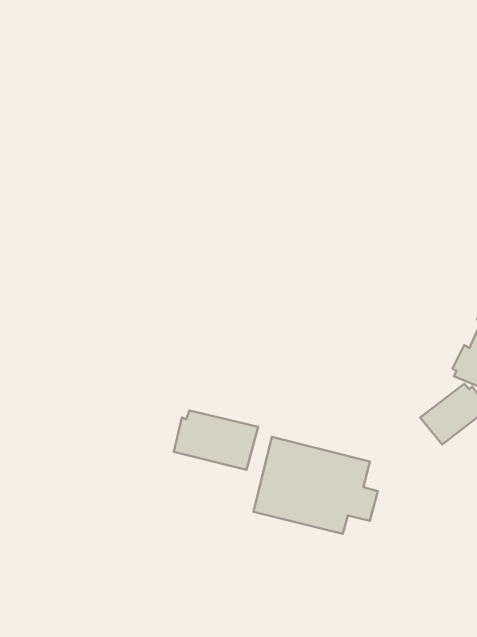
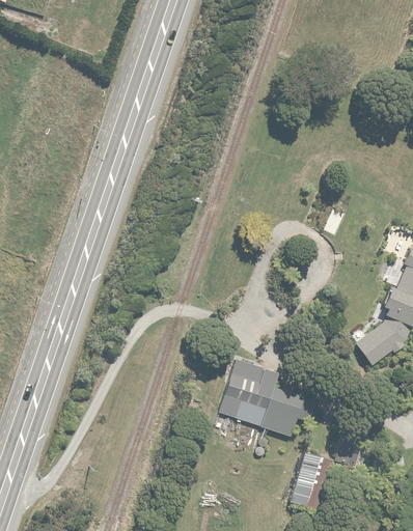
building: [174,411,258,470] -> none
building: none -> [293,450,332,507]

